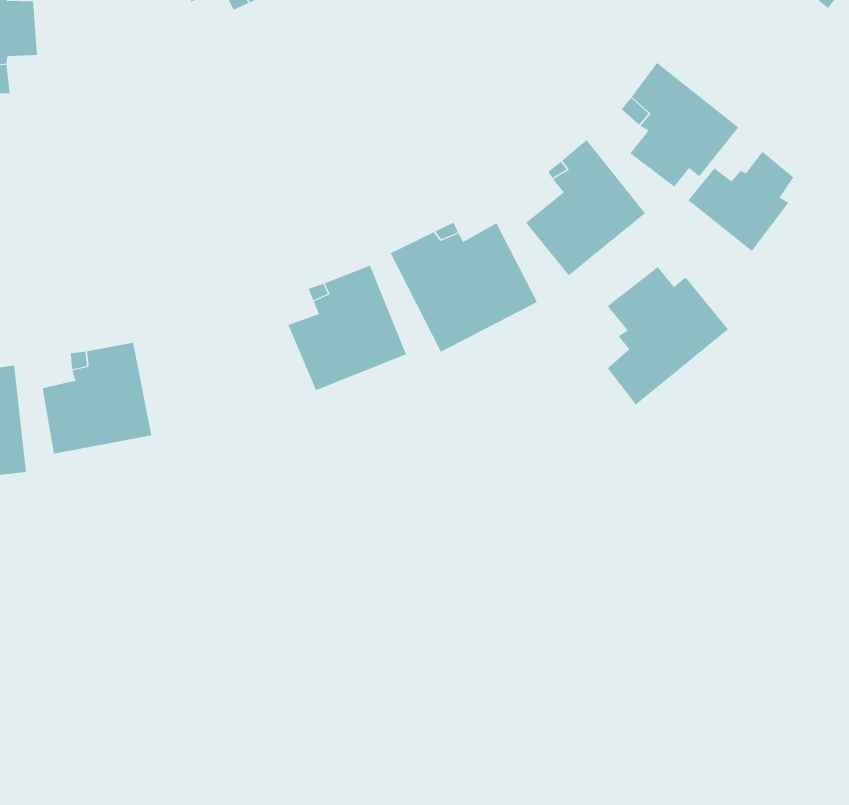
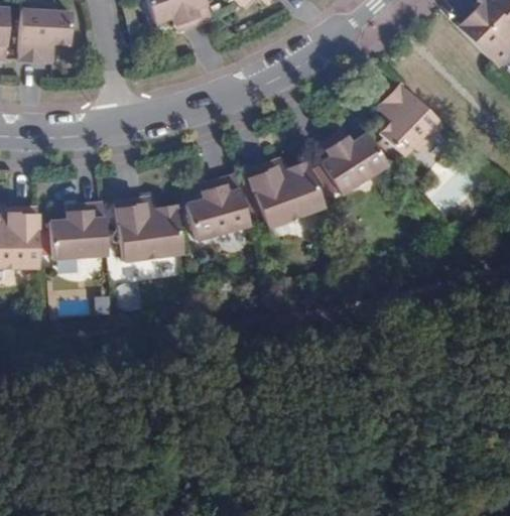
building: [687,151,794,252] -> none
building: [607,266,729,405] -> none
building: none -> [115,201,182,263]

